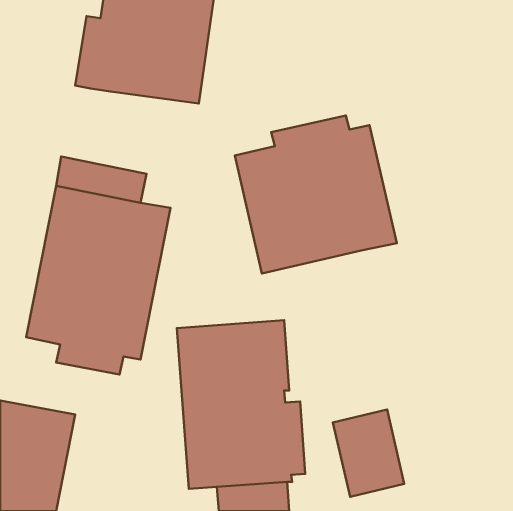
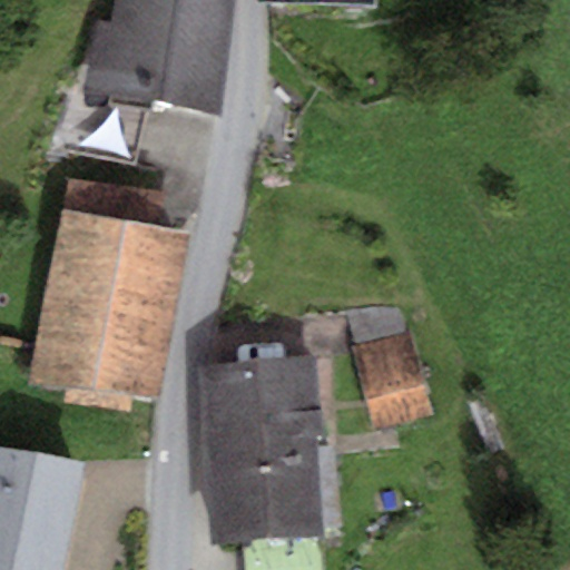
building: [235,115,397,274] -> none
building: [333,409,404,497] -> [353,333,432,430]

